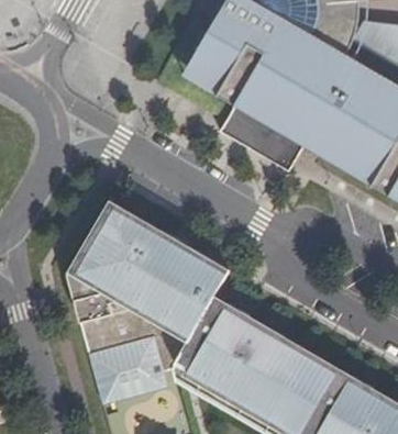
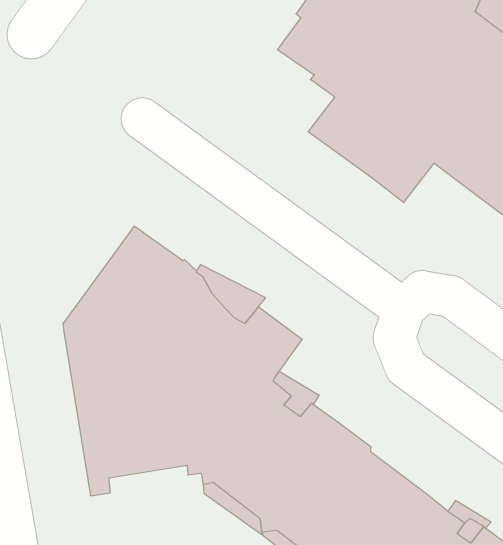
building: [109,363,167,401] -> none

